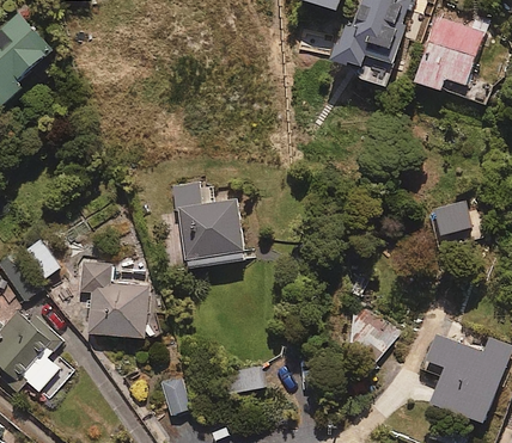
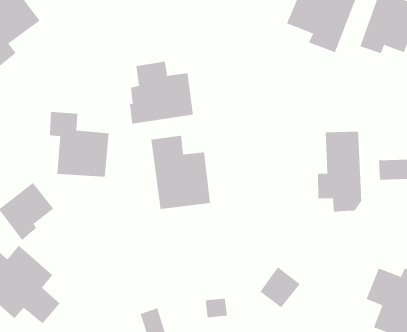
building: none -> [129,61,194,124]
building: none -> [317,131,362,213]
building: [78,262,147,337] -> [49,111,110,177]
building: [352,313,398,361] -> [260,266,300,308]

